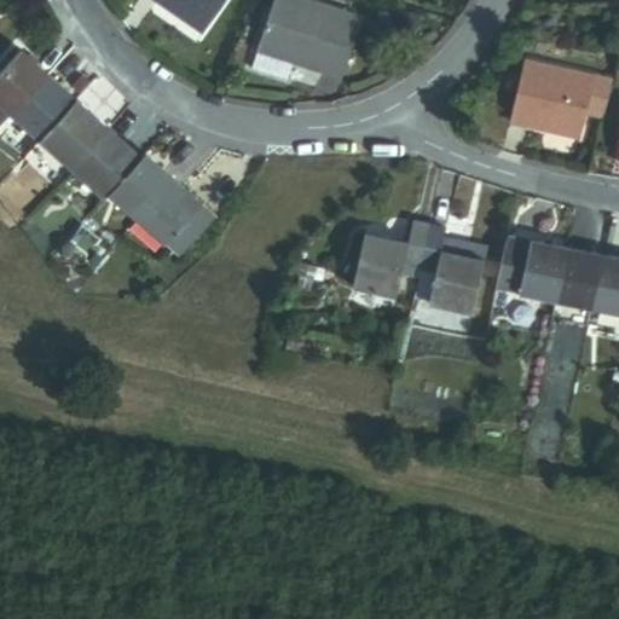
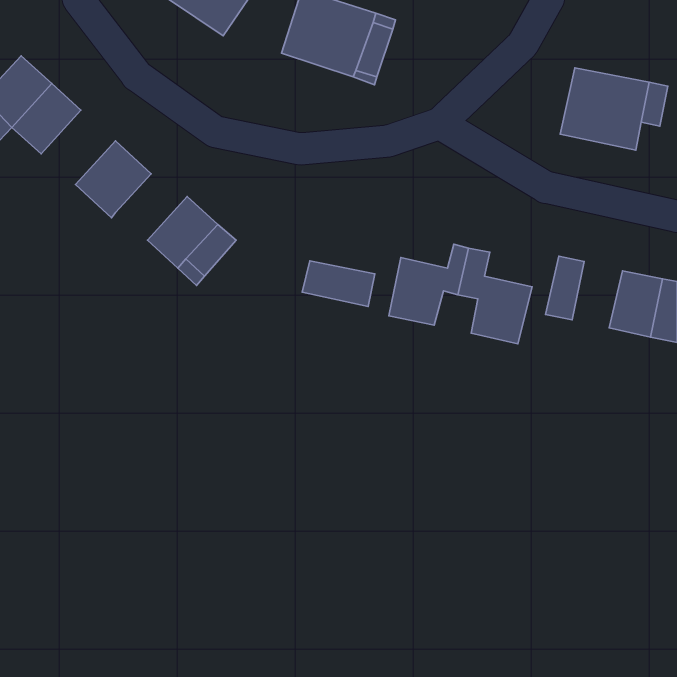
building: [37,100,105,168] -> none
building: [105,152,170,219] -> none
building: none -> [302,261,375,307]
building: [521,238,567,299] -> none

